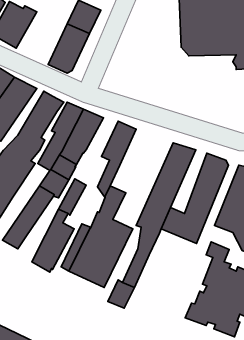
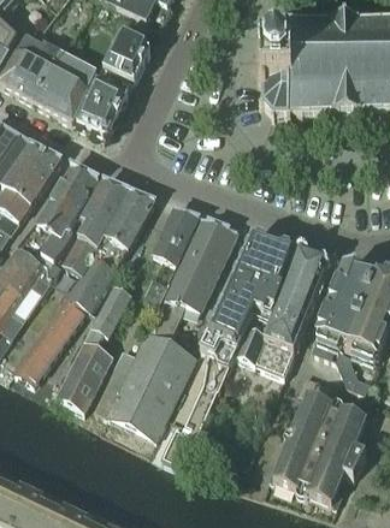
building: none -> [34,49,99,120]
building: none -> [165,213,237,308]
building: none -> [249,242,300,331]

